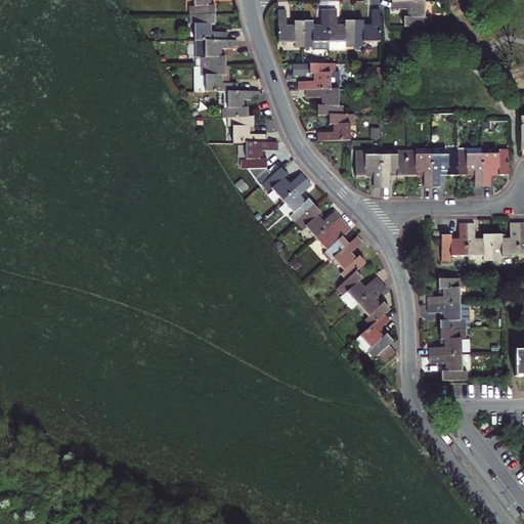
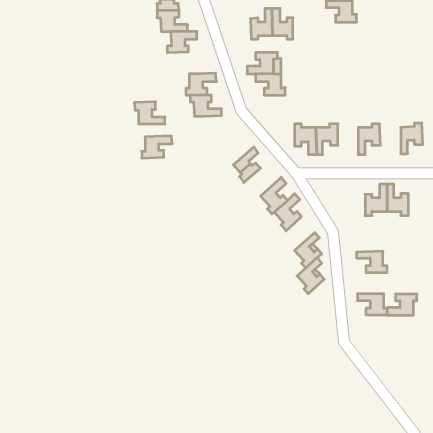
building: [353,10,380,47] -> none
building: [276,11,303,47] -> none
building: [202,62,238,89] -> [134,102,165,124]
building: [317,115,354,141] -> none
building: [242,139,278,166] -> [142,136,172,158]
building: [407,149,432,186] -> none
building: [457,149,483,185] -> none
building: [262,166,306,199] -> none
building: [294,203,339,236] -> none
building: [492,223,518,260] -> none
building: [336,269,380,302] -> none
building: [430,277,467,304] -> none
building: [431,329,467,354] -> [387,294,417,315]

